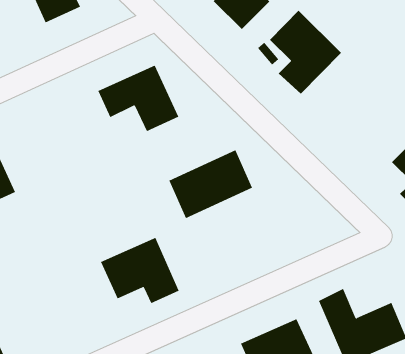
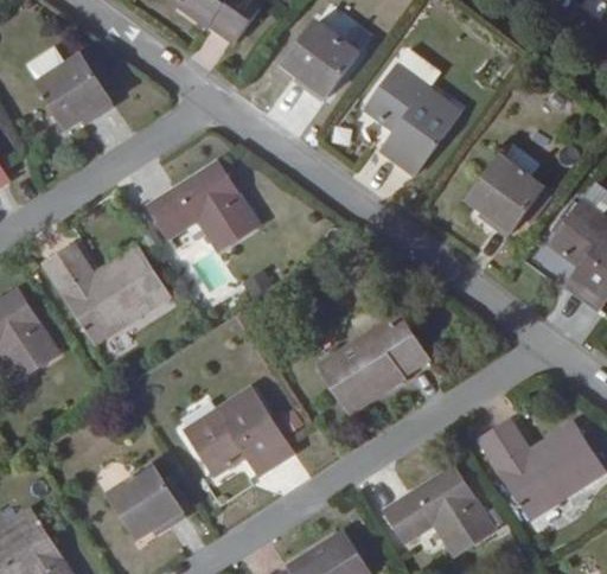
building: none -> [468,154,545,230]
building: none -> [43,241,170,343]
building: [169,150,253,219] -> [315,307,428,408]
building: none -> [108,464,183,540]

